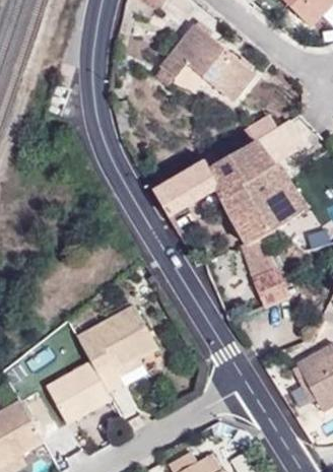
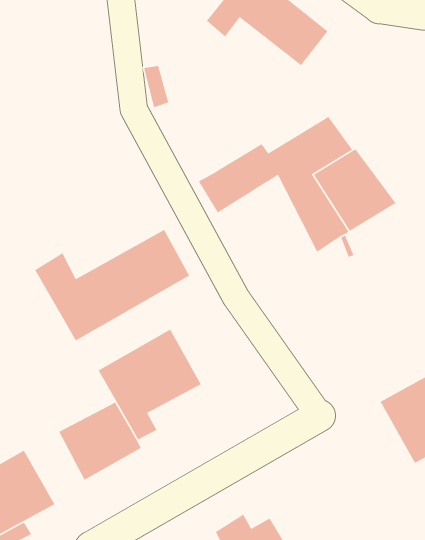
building: none -> [34,229,190,341]
building: [251,267,291,308] -> none

